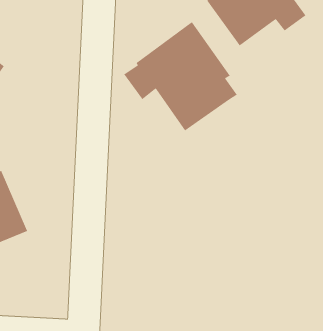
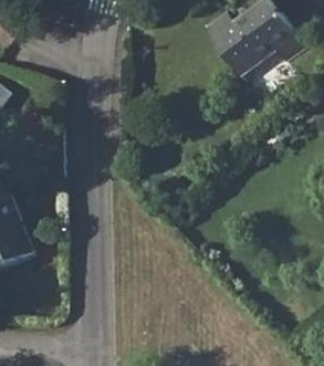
building: [123,22,238,132] -> none

